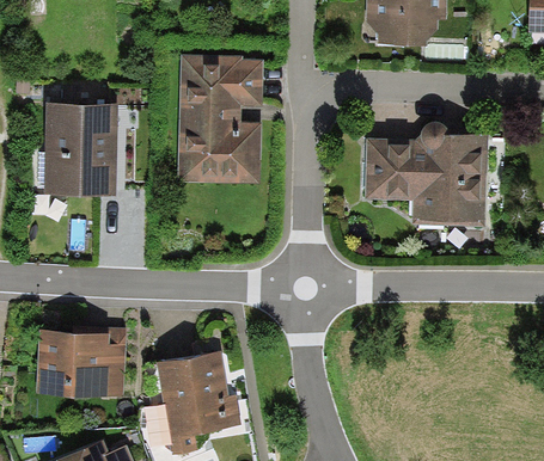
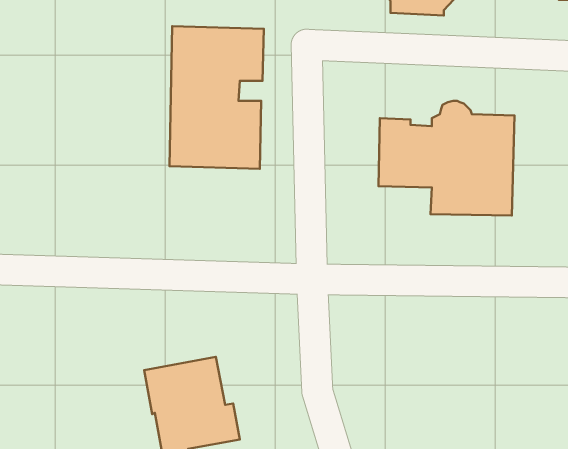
building: [43,104,118,195] -> none
building: [36,325,126,397] -> none

